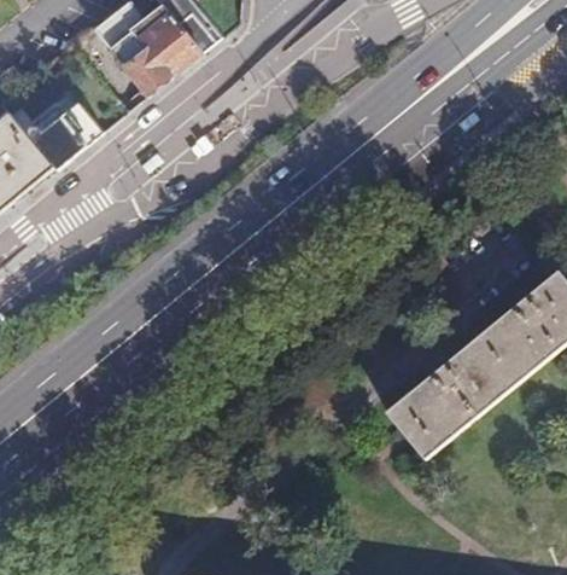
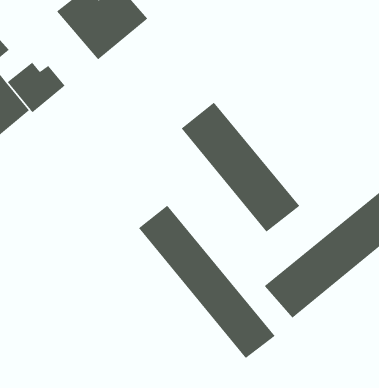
building: none -> [181,102,300,232]
building: none -> [138,205,275,359]

